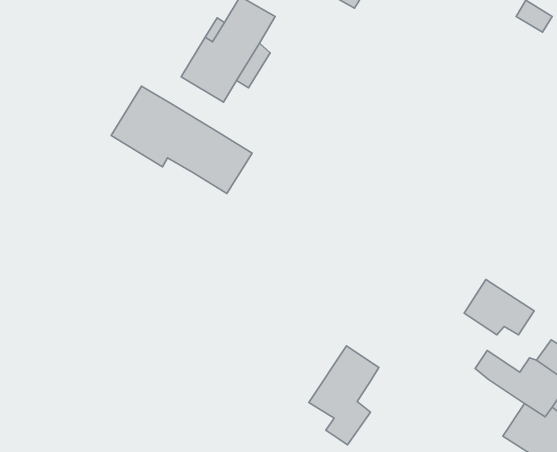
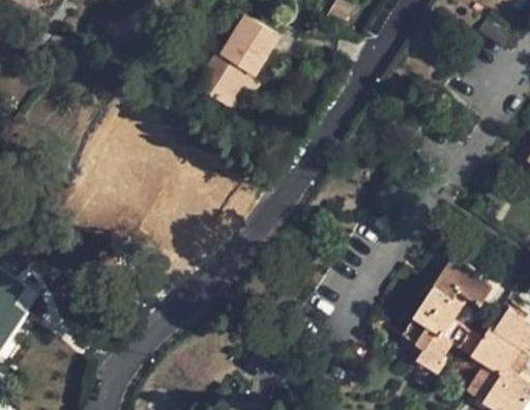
building: [111,86,252,194] -> none
building: [309,346,379,445] -> [404,287,464,372]

